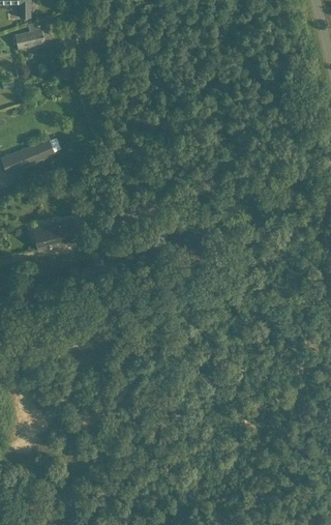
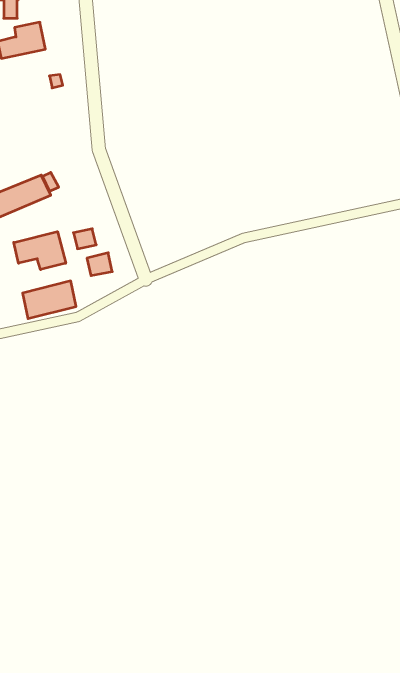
building: none -> [14,232,66,270]

